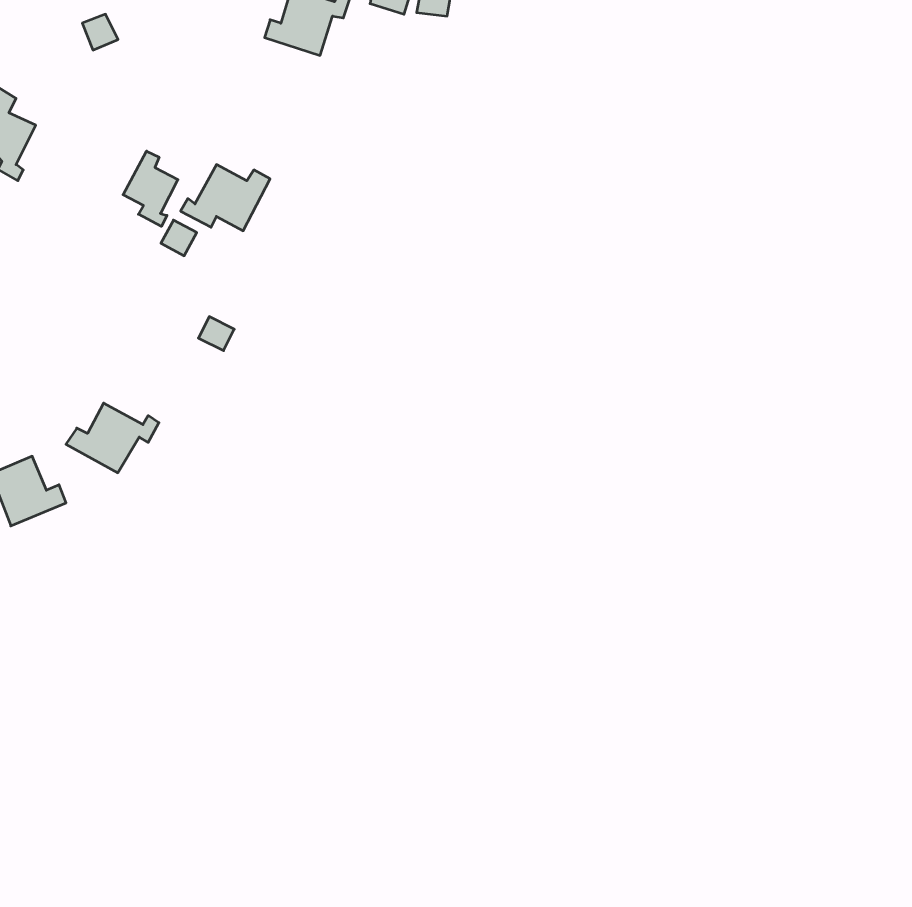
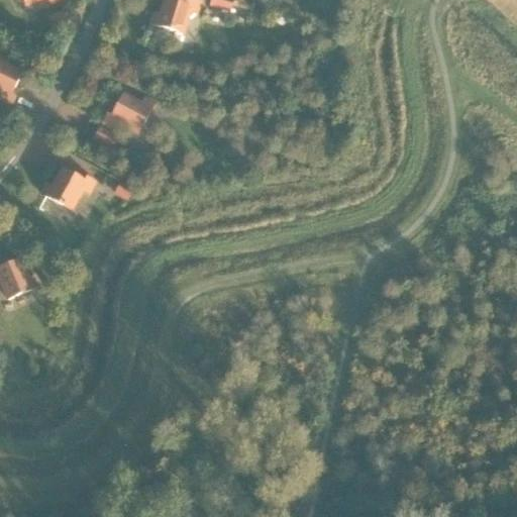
building: [123,151,178,226] -> none
building: [66,403,159,473] -> [39,168,92,207]

